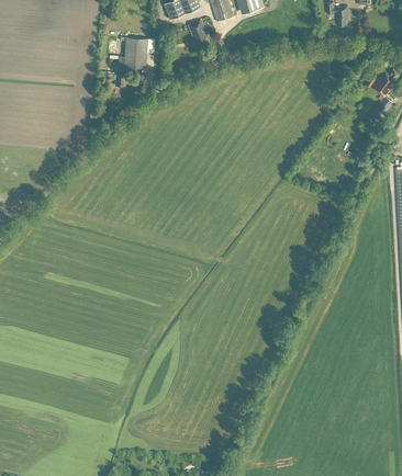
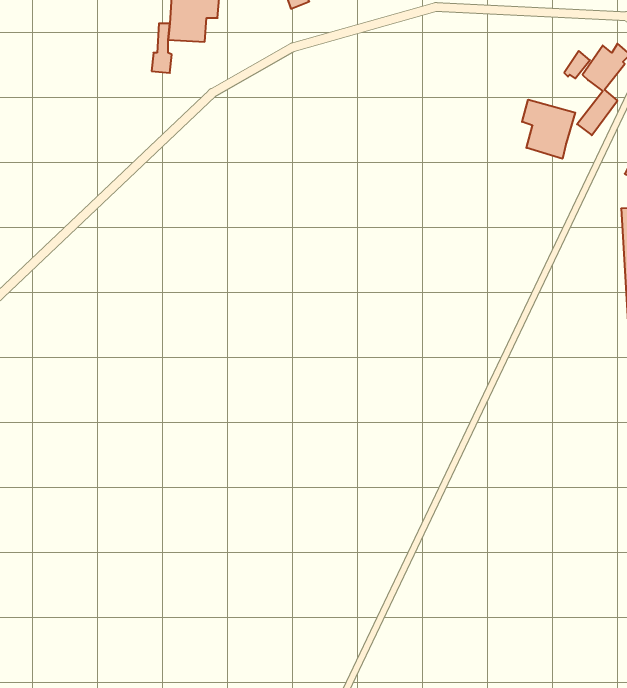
building: none -> [522,100,575,159]

